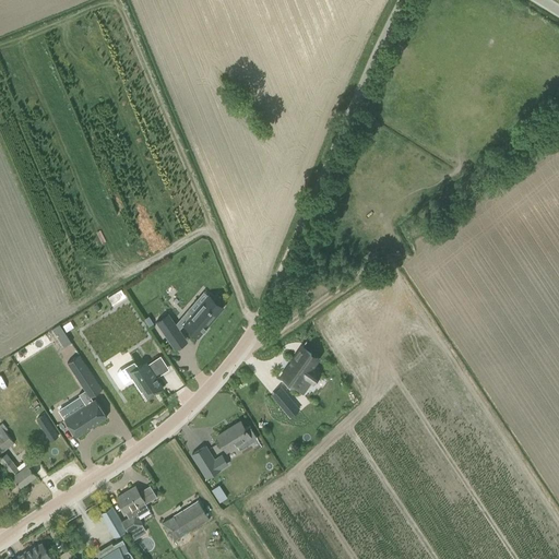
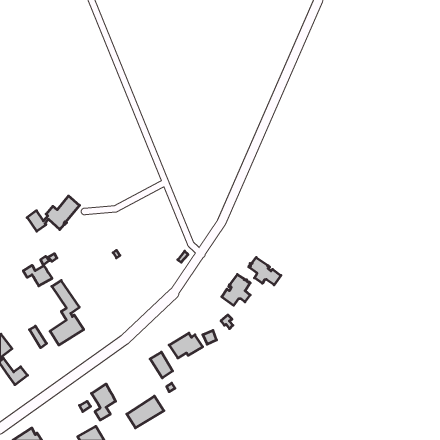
building: [155,296,222,341] -> [27,196,80,231]
building: none -> [249,257,281,285]
building: none -> [23,265,52,286]
building: [126,362,162,399] -> none

